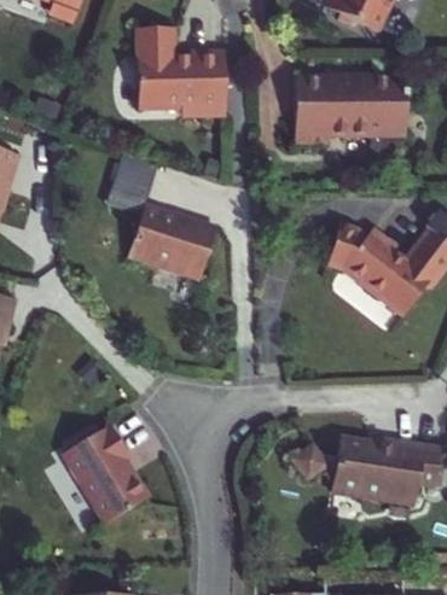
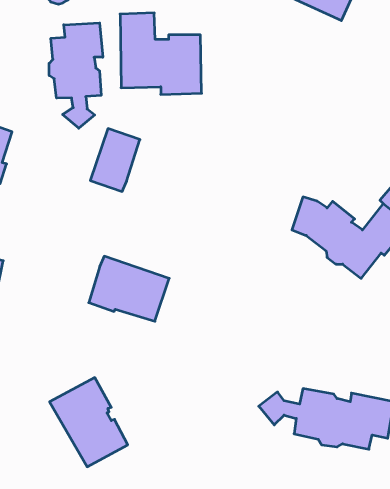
building: none -> [49,23,103,128]
building: [292,76,404,153] -> none
building: [128,210,216,281] -> [89,256,169,321]

